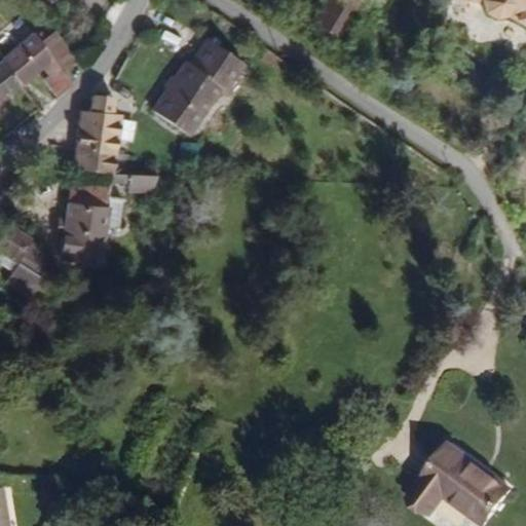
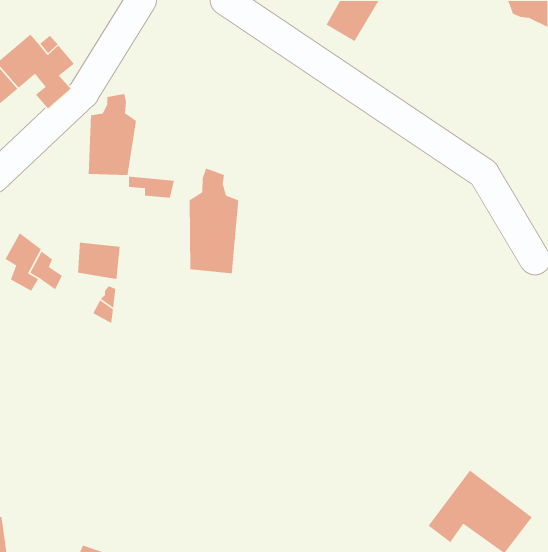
building: [148,43,238,138] -> none
building: none -> [189,168,239,274]
building: [68,182,122,235] -> none

